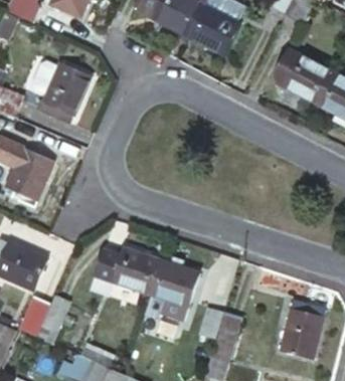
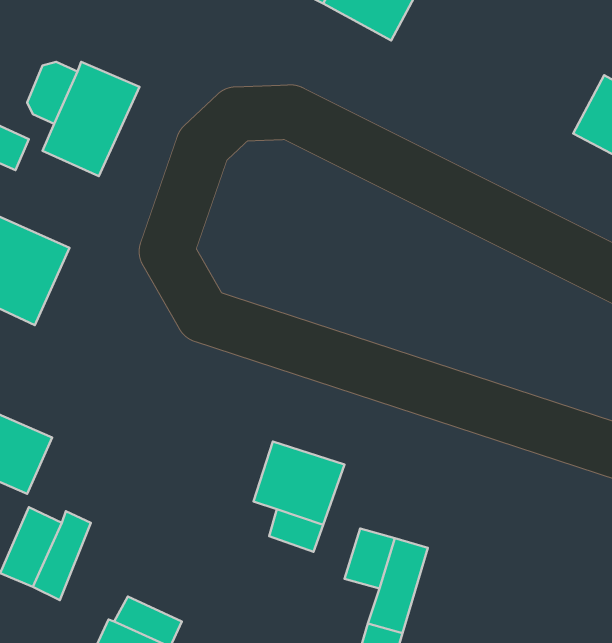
building: [273,47,332,101] -> none
building: [95,247,160,292] -> none
building: [279,304,325,358] -> none

